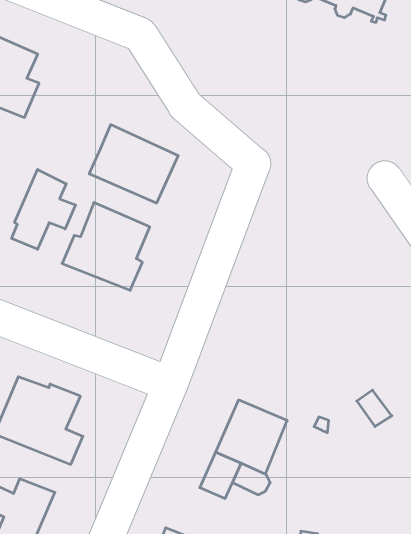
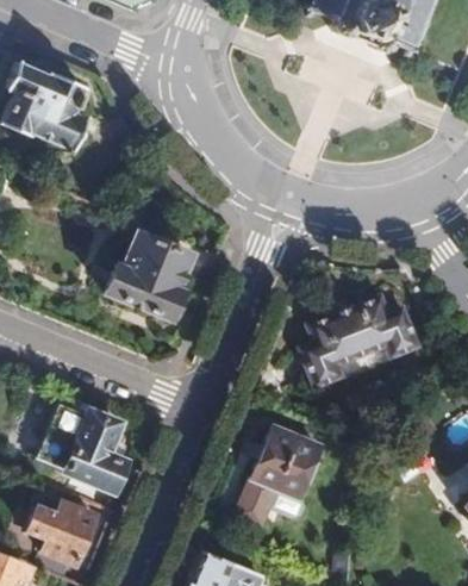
building: [89,125,178,203] -> none
building: [12,169,76,249] -> none
building: none -> [300,292,423,385]

